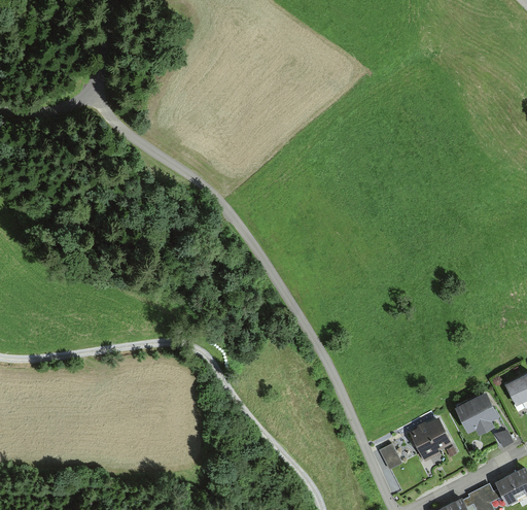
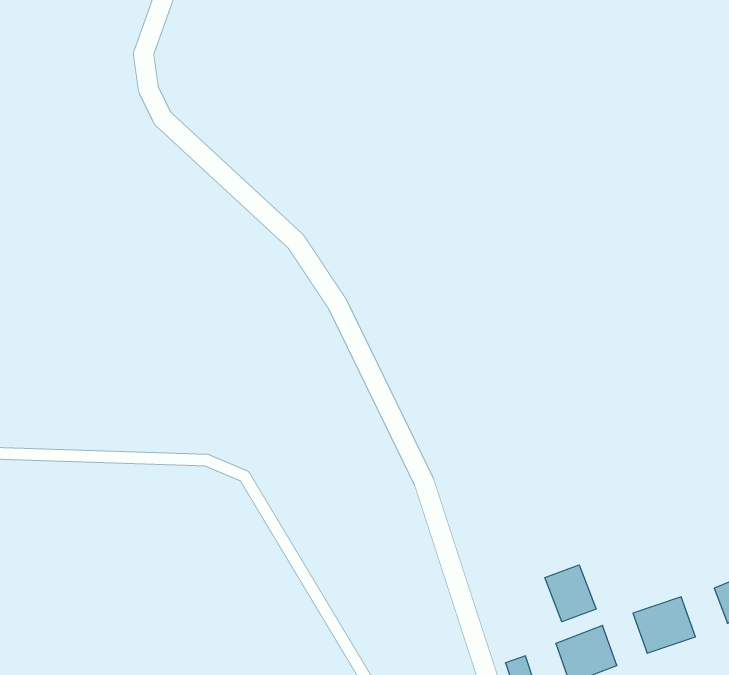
building: none -> [545,565,596,622]

